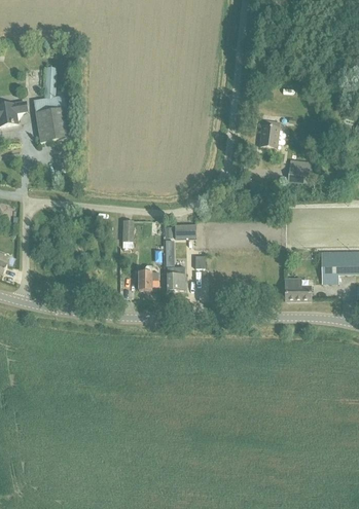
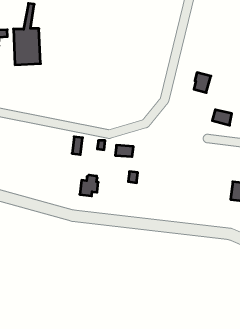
building: [167,265,184,289] -> none
building: [285,279,310,299] -> none

